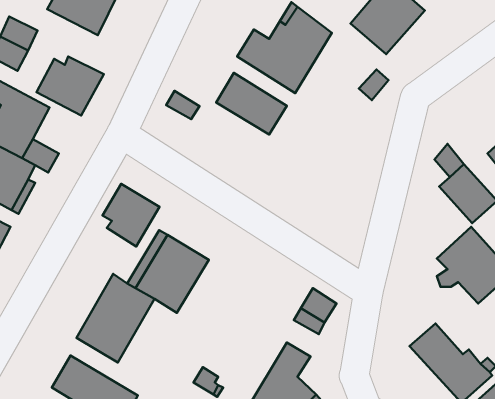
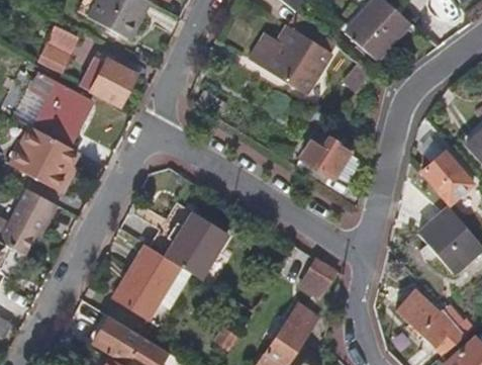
building: [216,73,287,134] -> [300,131,361,184]
building: [103,184,159,247] -> none

